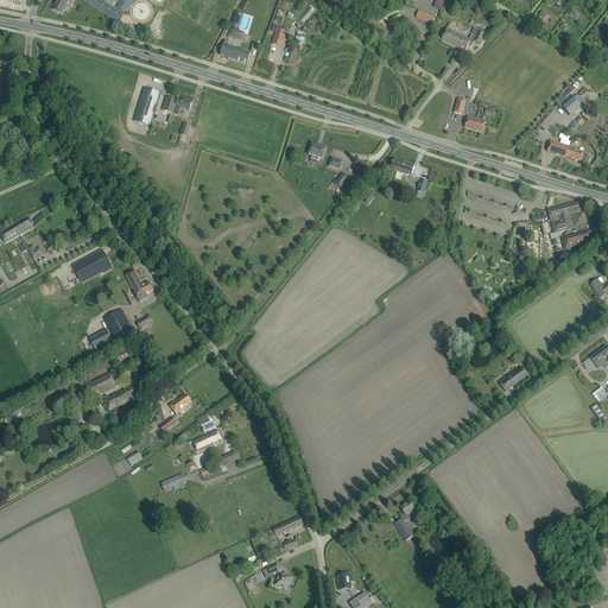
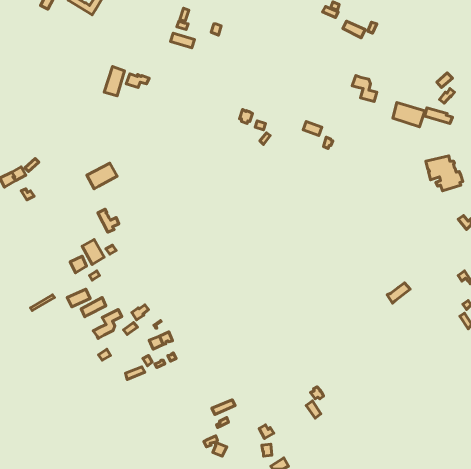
building: none -> [393,102,425,127]
building: [72,248,112,281] -> [87,163,117,189]
building: none -> [93,309,122,338]

